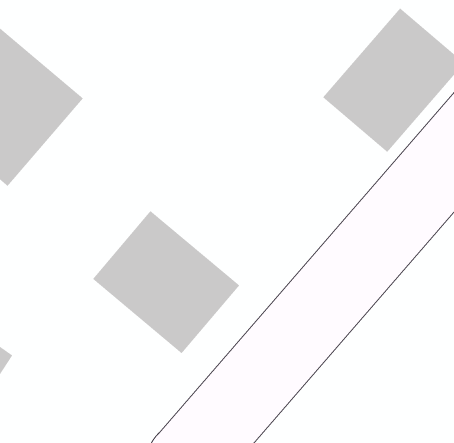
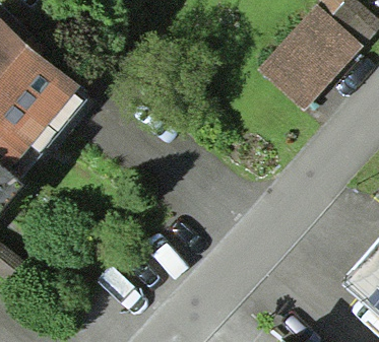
building: [92,210,240,354] -> none

